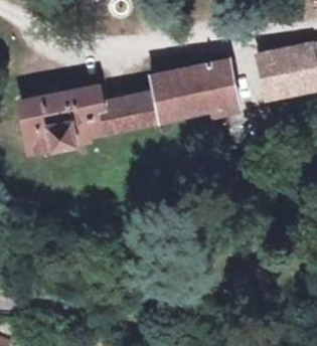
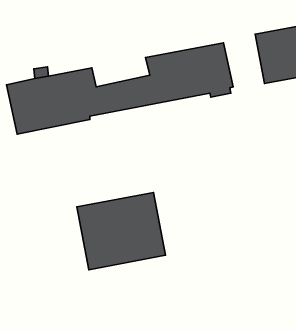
building: none -> [77,192,165,270]

